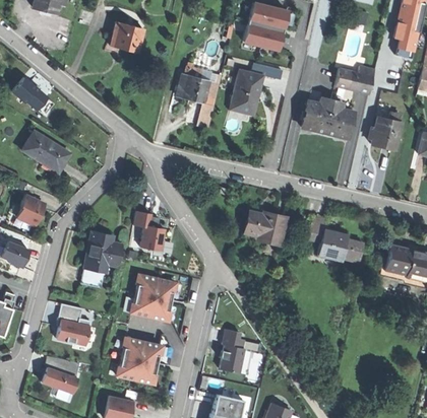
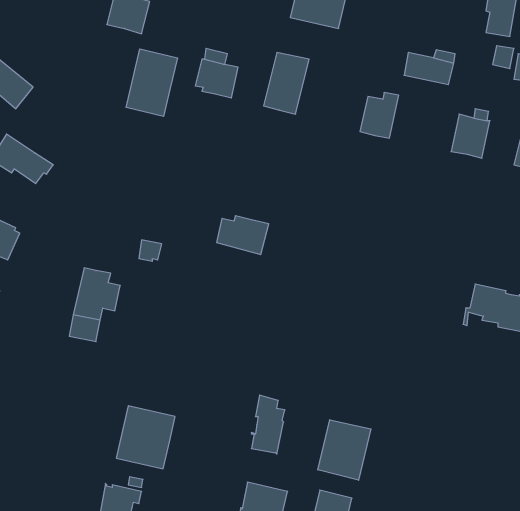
building: none -> [126,49,177,116]
building: [324,101,352,139] -> none
building: [245,212,285,241] -> [217,216,269,255]
building: [308,219,362,265] -> none
building: [140,225,165,253] -> none
building: [131,274,176,322] -> none
building: [57,304,90,345] -> none
building: none -> [318,420,371,480]
building: [42,356,79,393] -> none

